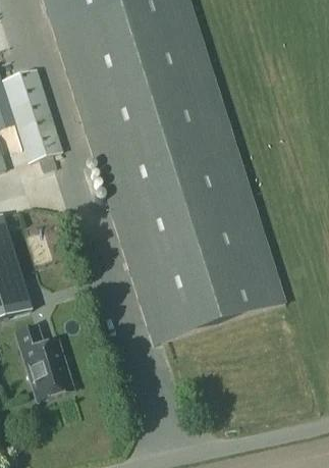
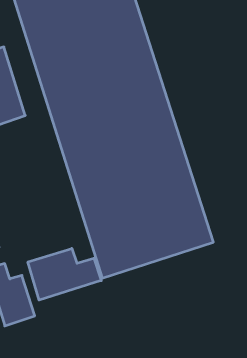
building: none -> [28,248,101,300]

